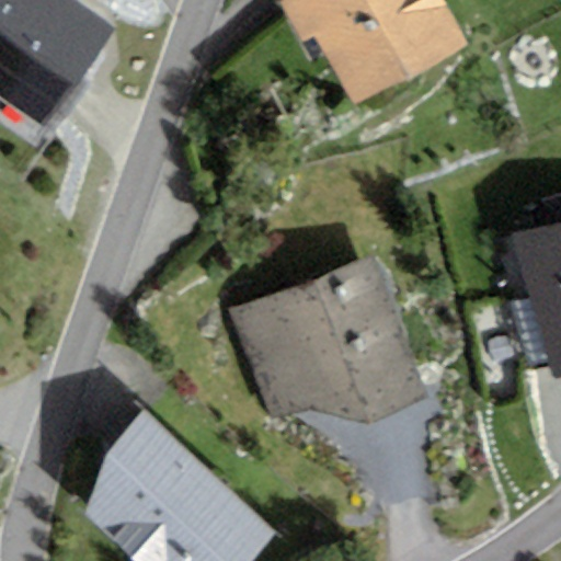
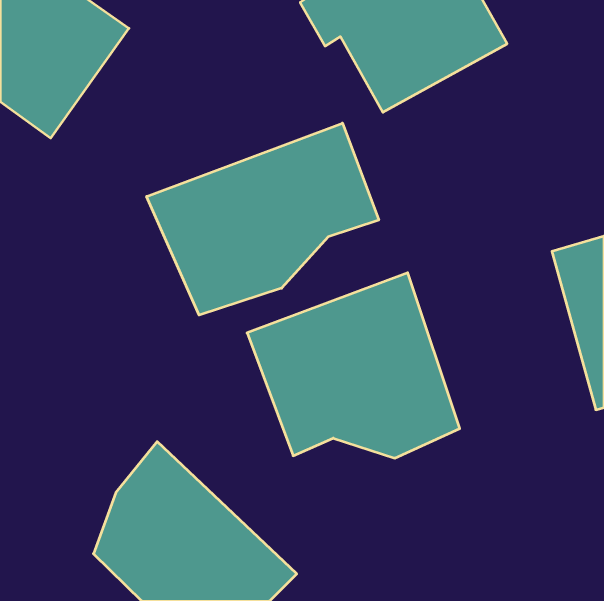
building: none -> [147,123,379,315]

